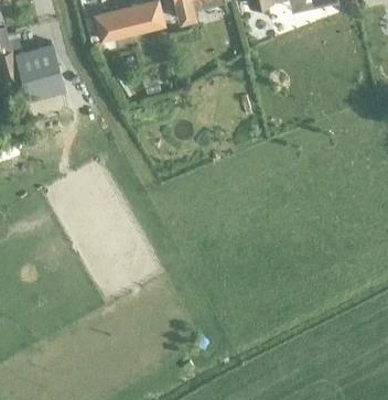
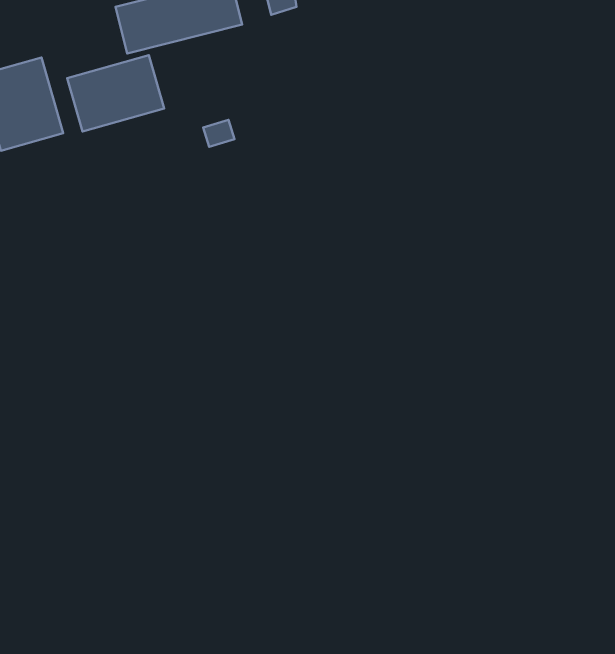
building: none -> [67,55,164,131]

